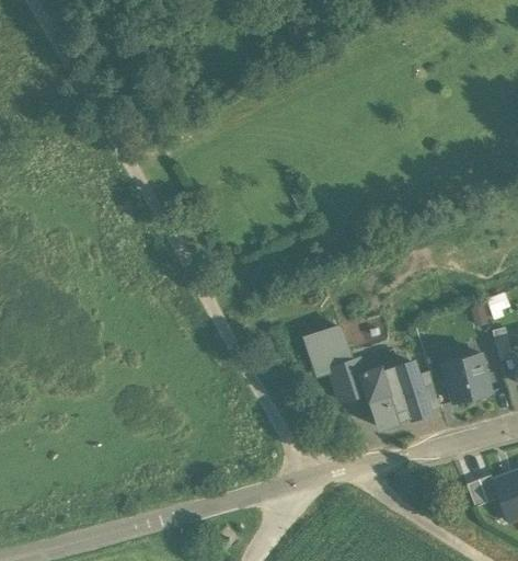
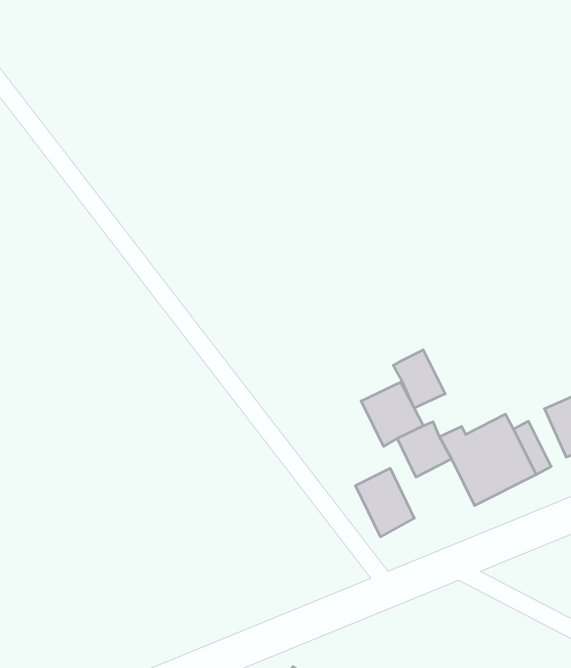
building: none -> [393,350,445,408]
building: none -> [355,468,414,537]

